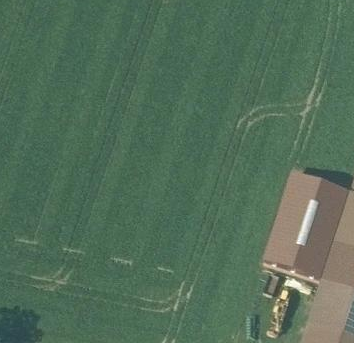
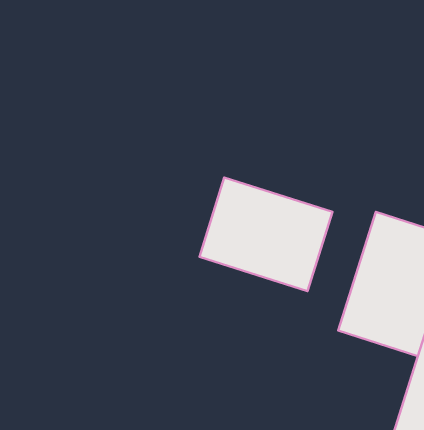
building: none -> [199,178,332,291]

